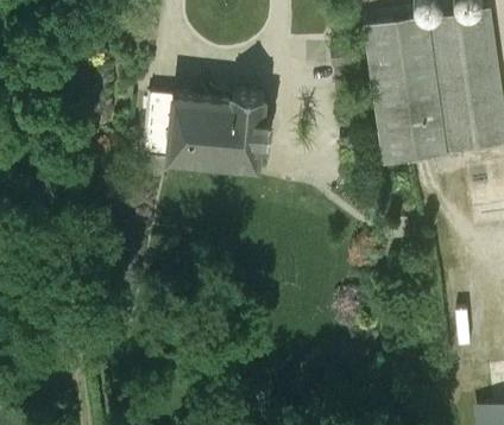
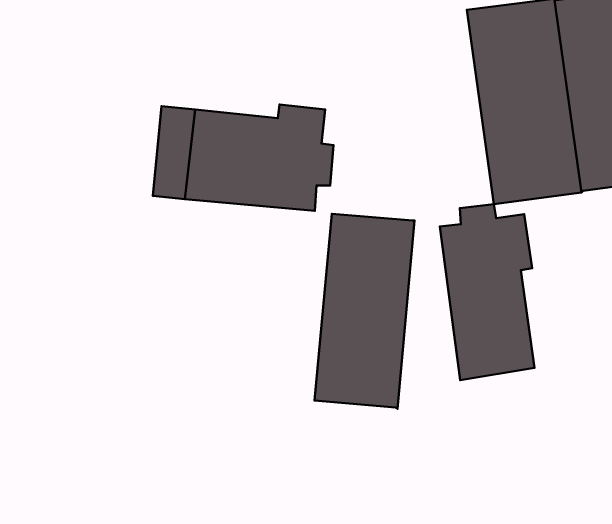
building: none -> [440,204,535,380]
building: none -> [315,214,414,409]

